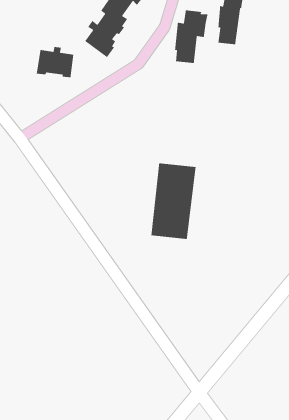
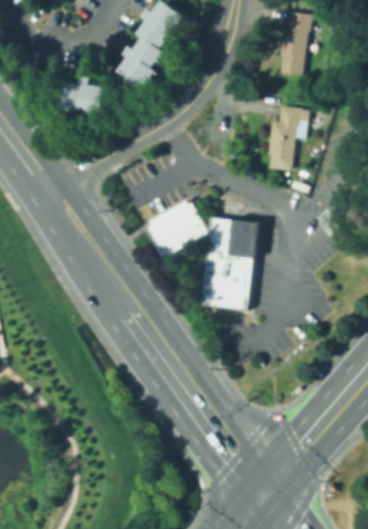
building: [174,10,208,64] -> [268,105,309,170]
building: none -> [144,200,205,257]

